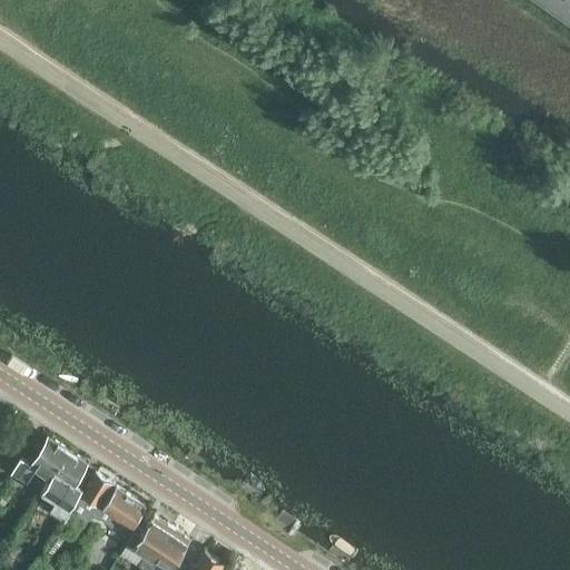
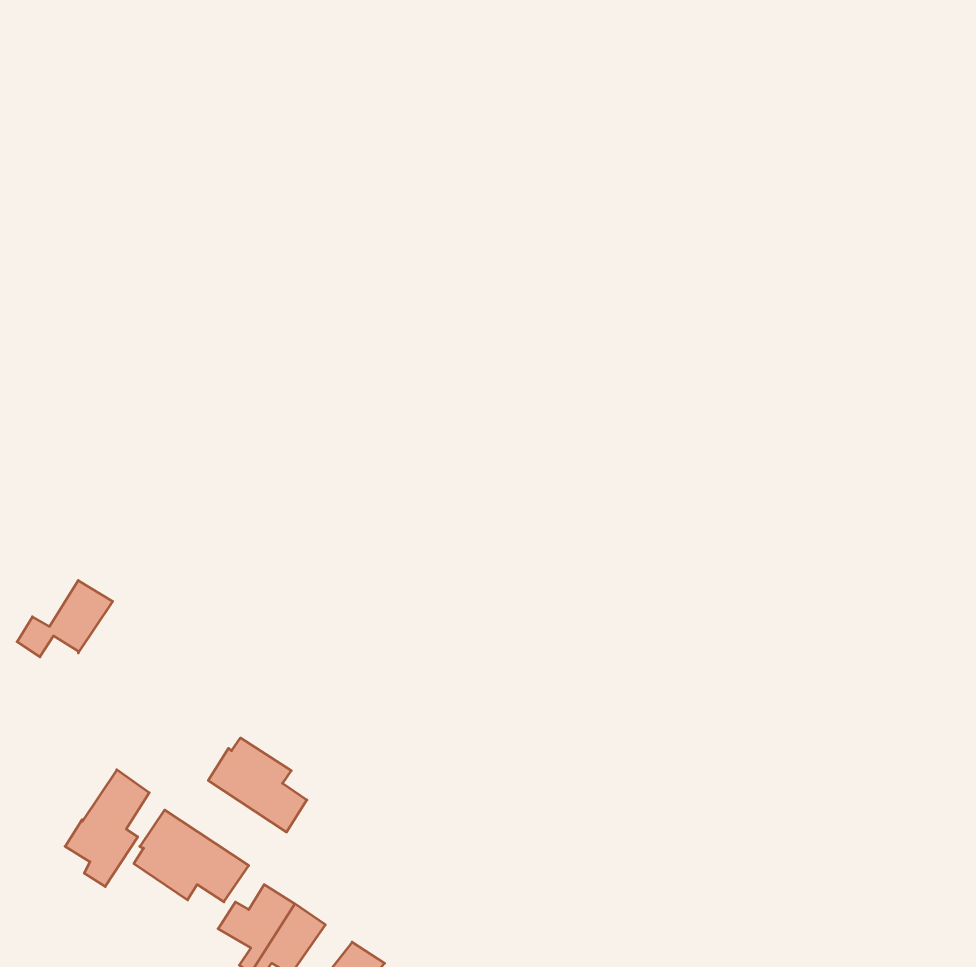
building: none -> [208,738,307,832]
building: [13,442,69,487] -> [17,580,113,657]

